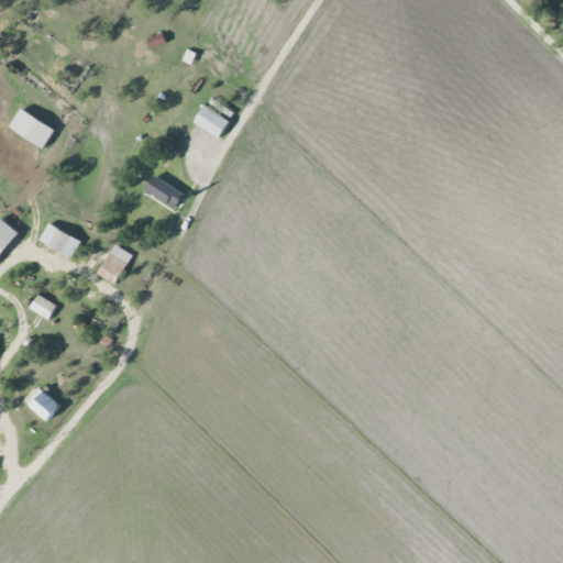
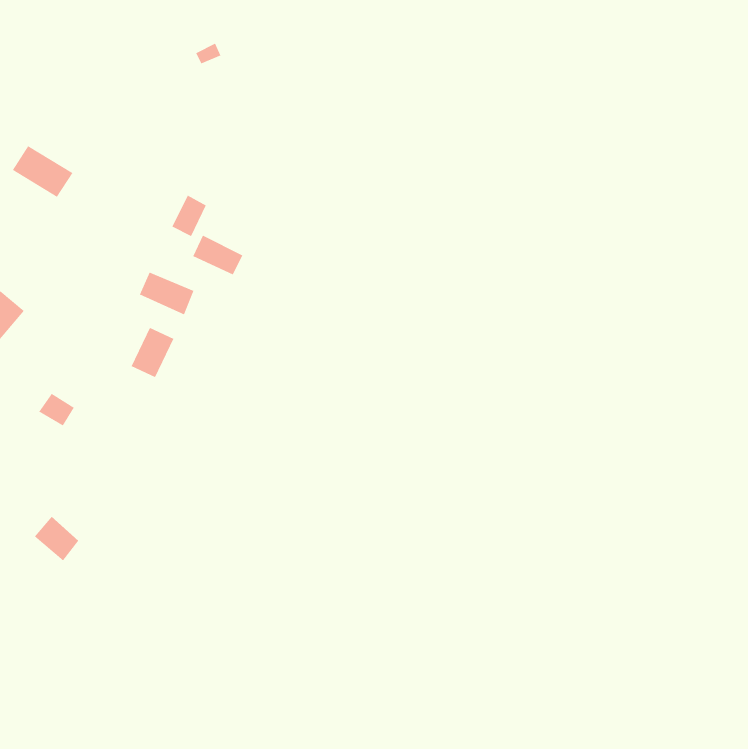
building: [194,104,230,139] -> none
building: none -> [171,194,207,237]
building: [38,224,80,257] -> [139,271,195,315]

